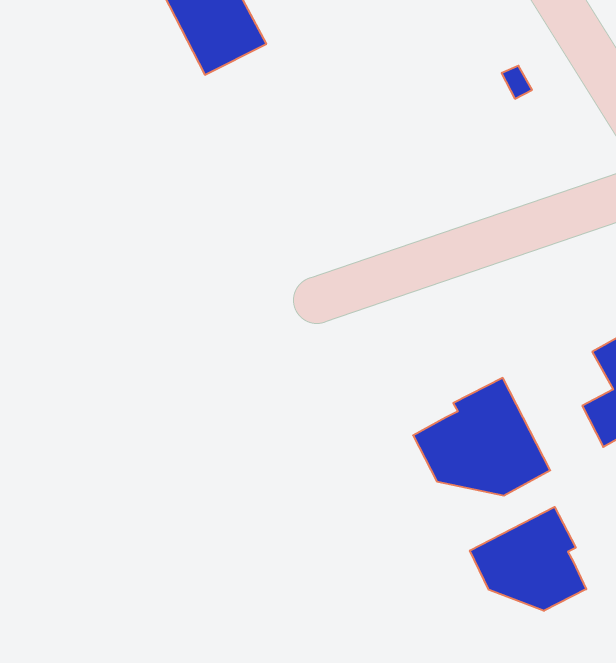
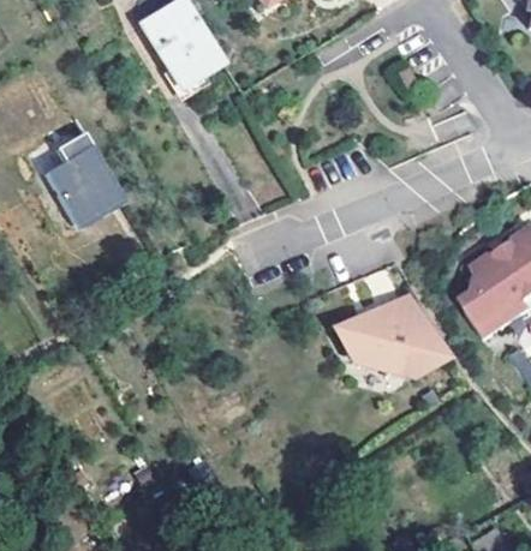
building: none -> [46,142,121,217]
building: [470,507,586,611] -> none

